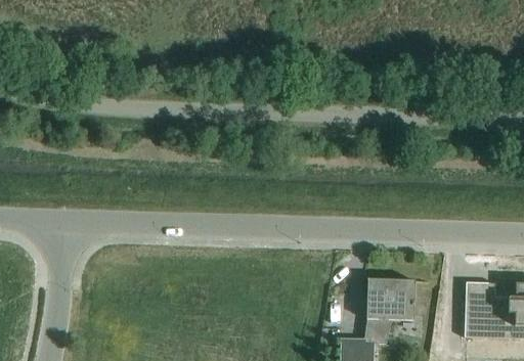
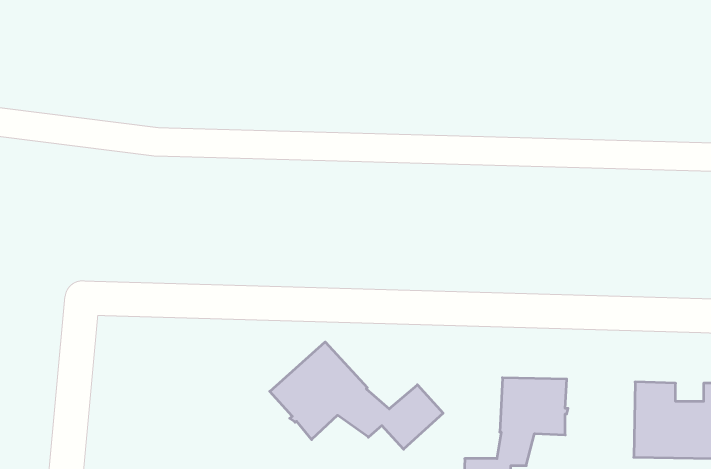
building: none -> [270,342,443,449]

